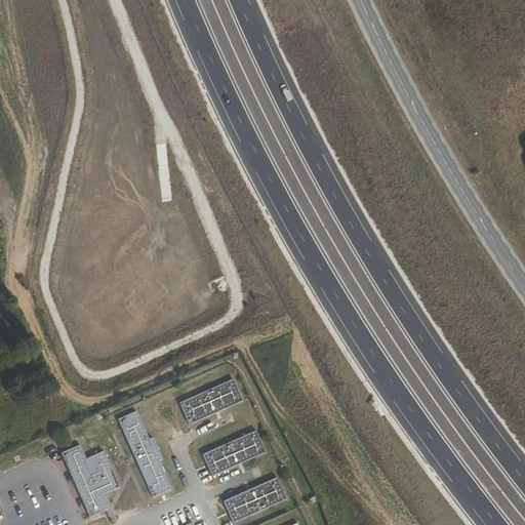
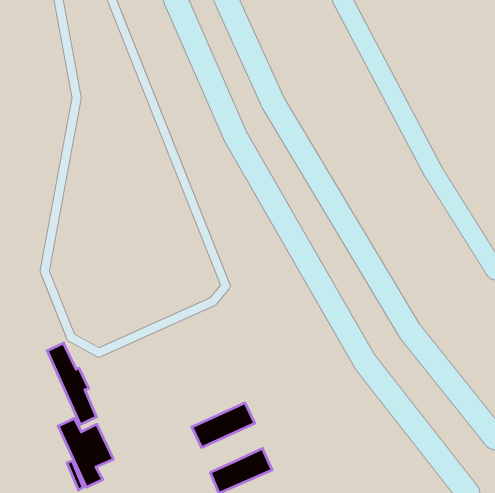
building: [178,377,242,425] -> none
building: [117,410,169,496] -> [47,343,97,425]

